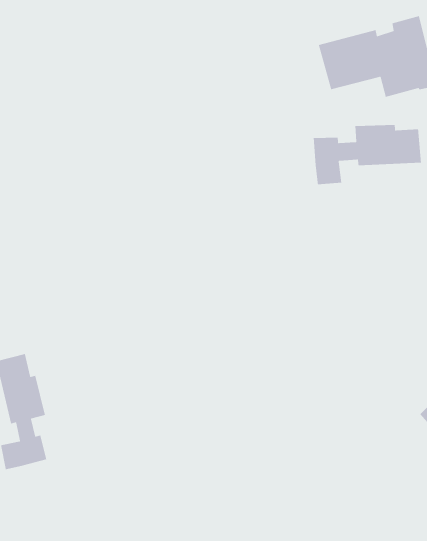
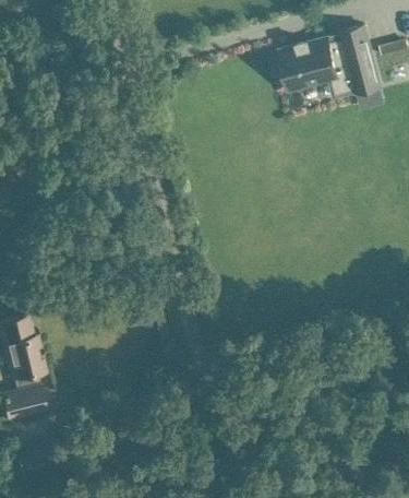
building: [313,124,422,185] -> none

